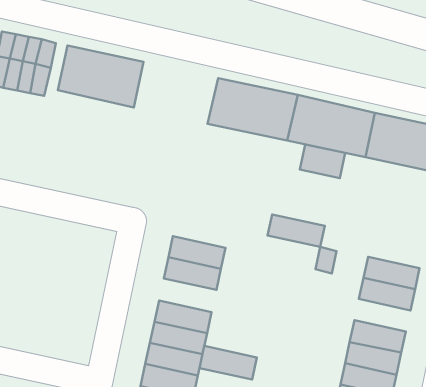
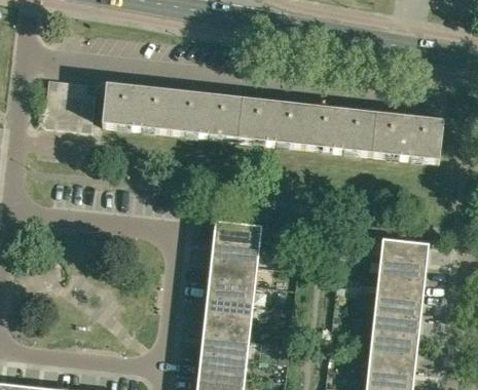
building: none -> [168,89,237,137]
building: [300,144,345,178] -> none
building: [268,214,325,247] -> [213,218,261,241]
building: none -> [376,273,424,297]
building: [200,346,257,380] -> [207,273,255,298]

